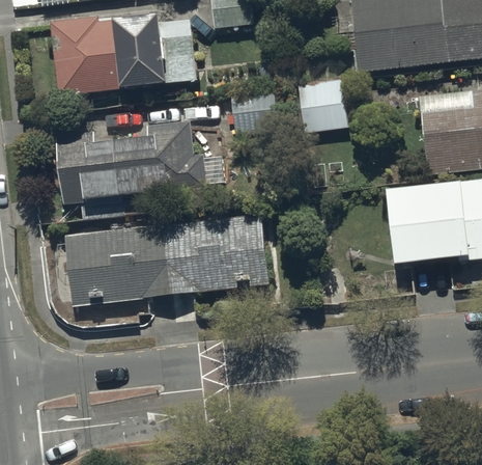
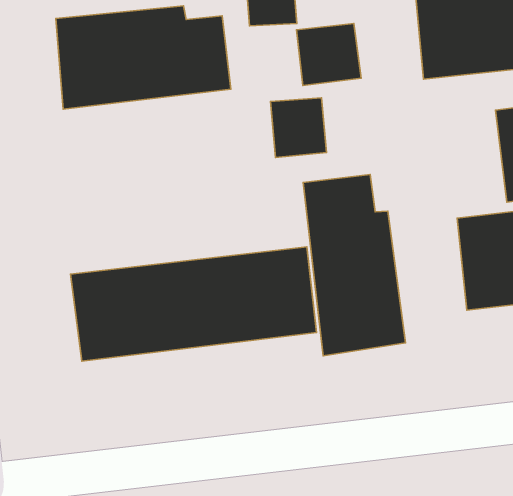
building: [293,81,347,133] -> [297,23,361,86]
building: [58,121,225,204] -> none
building: none -> [303,175,406,356]

